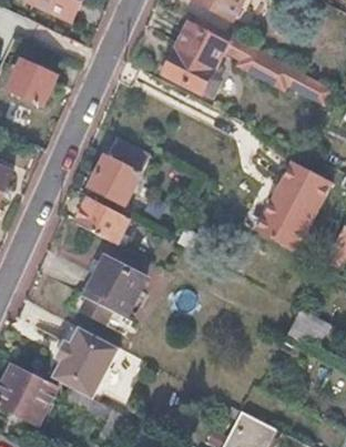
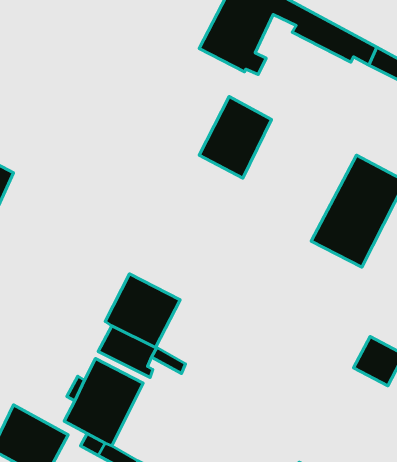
building: [8,61,53,104] -> none
building: [89,142,147,209] -> [199,96,272,178]
building: [75,200,130,247] -> none

